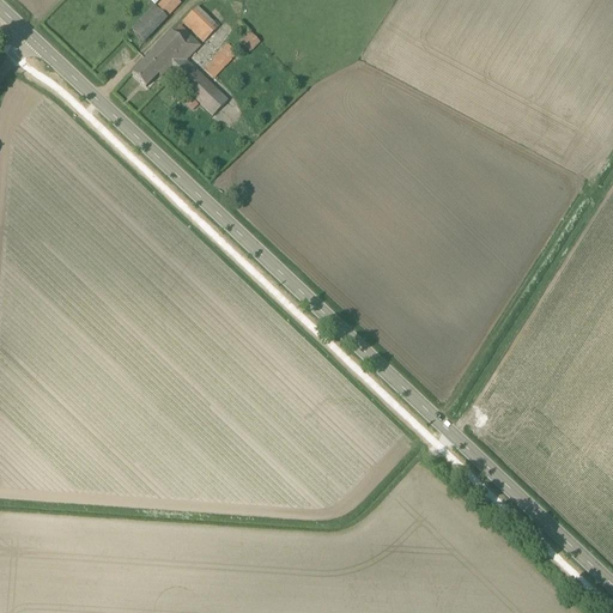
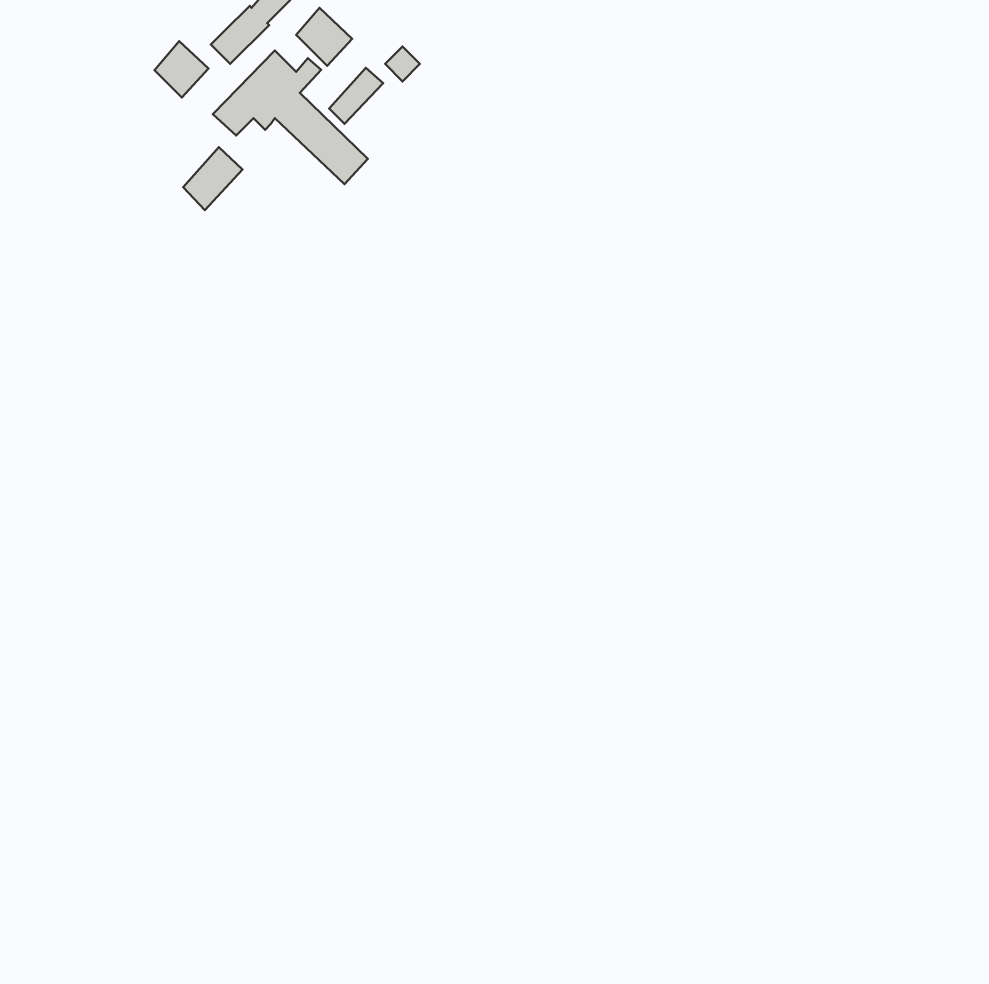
building: none -> [155,41,209,97]
building: none -> [183,147,243,210]

